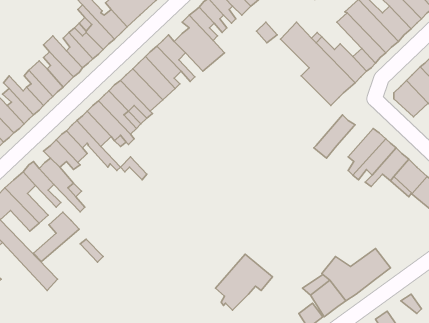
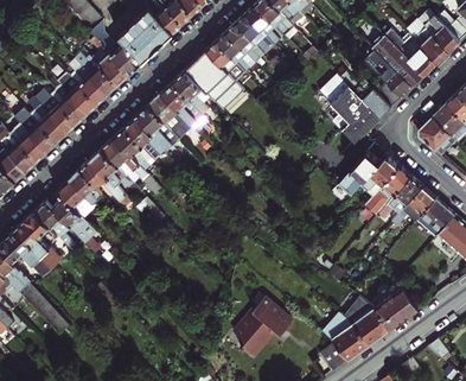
building: none -> [360,157,398,197]
building: [33,212,79,262] -> none

